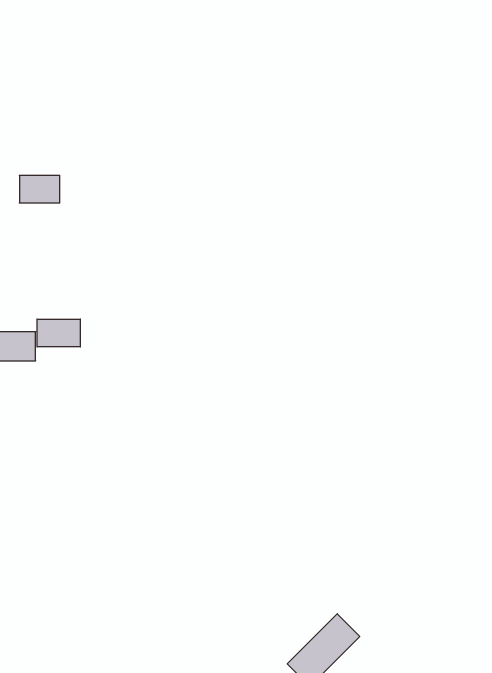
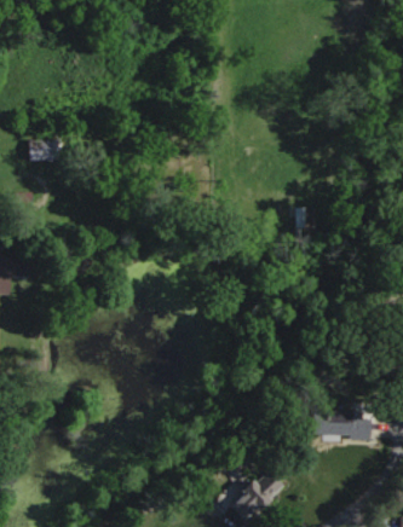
building: [37,319,80,347] -> none
building: none -> [313,412,372,439]

